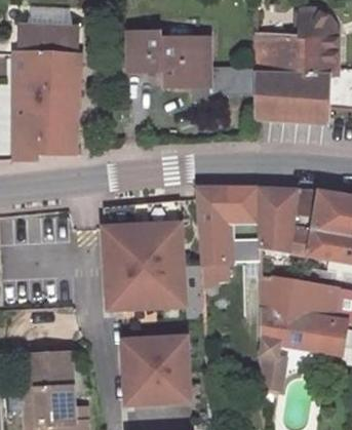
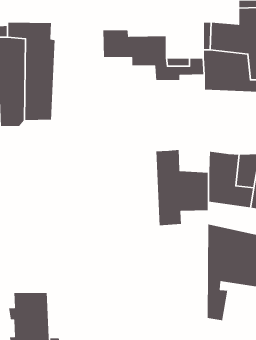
building: [227,185,263,212] -> none
building: [105,198,186,307] -> none
building: [123,338,190,404] -> none

